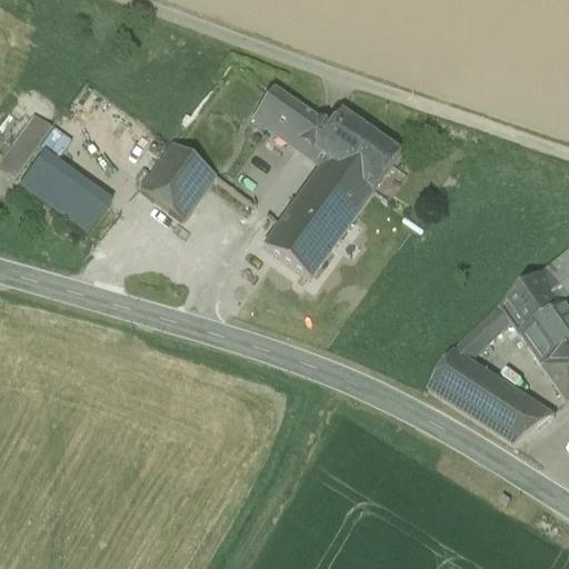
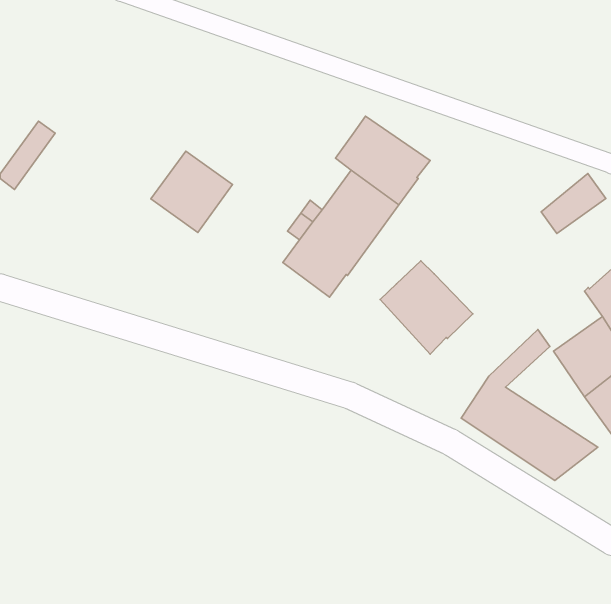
building: [256,84,329,147] -> none
building: [21,149,112,230] -> none
building: none -> [380,261,473,354]
building: [500,270,560,326] -> [541,173,606,233]

